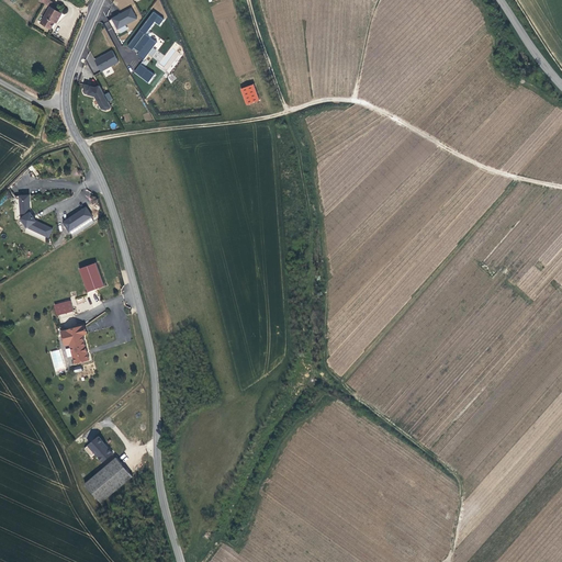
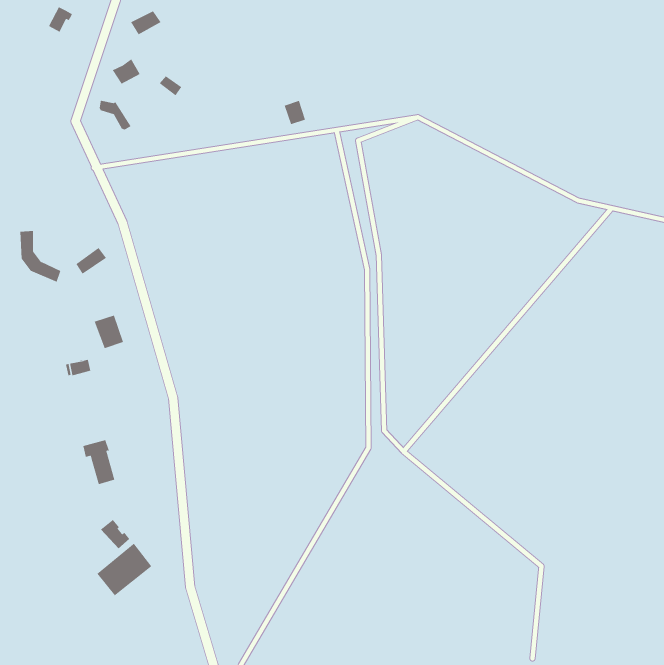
building: [127,11,162,58] -> none
building: [63,323,90,361] -> [82,439,115,485]

